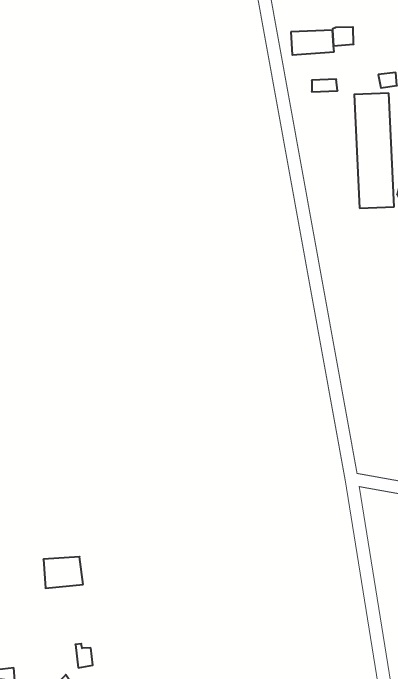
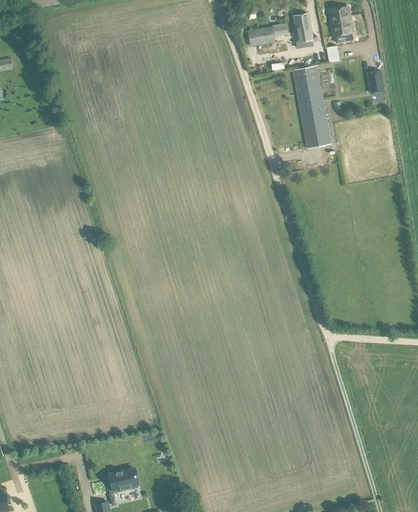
building: none -> [293,13,312,42]
building: [43,557,83,588] -> [109,469,139,494]

